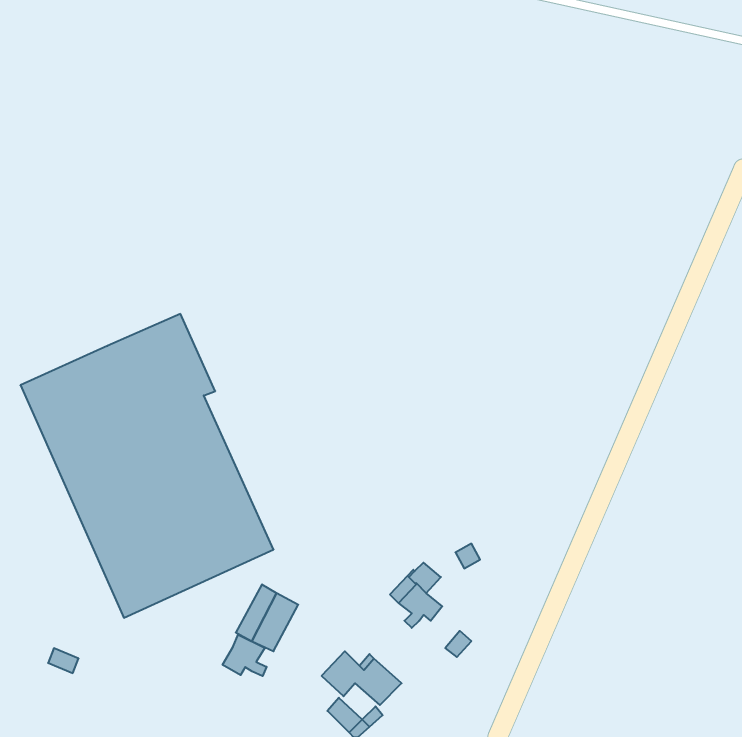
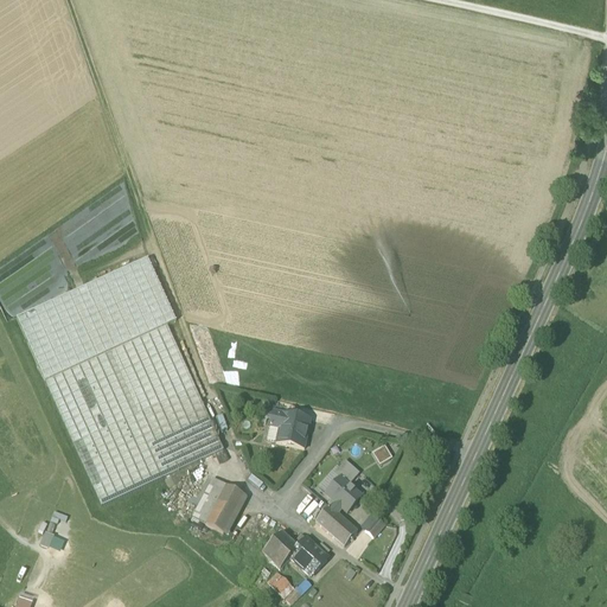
building: none -> [268,409,312,447]
building: none -> [315,504,357,544]
building: [223,634,267,676] -> none

